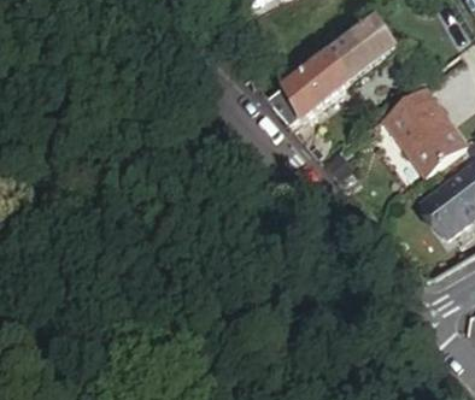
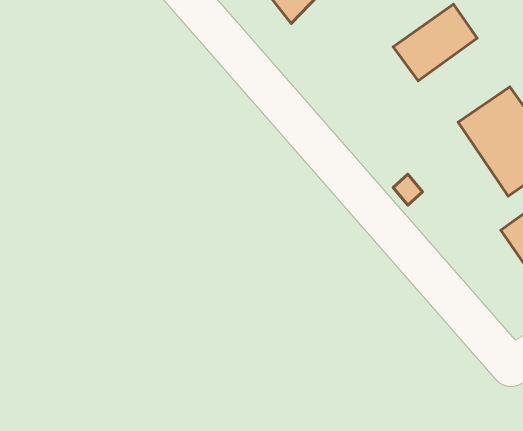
building: [268,53,347,124] -> none

